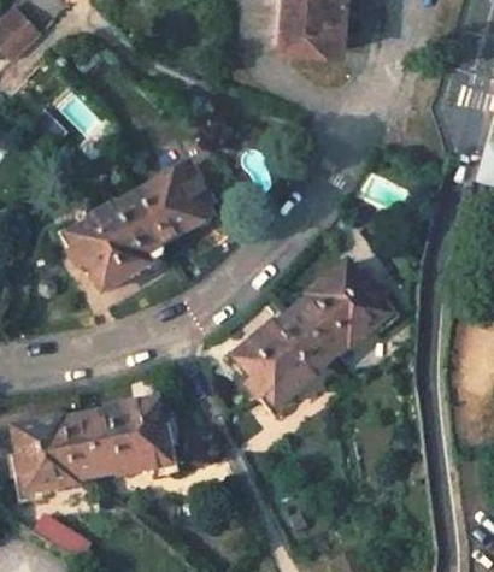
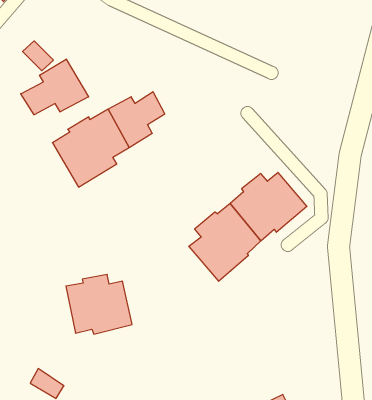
building: none -> [21,59,89,115]
building: [16,415,98,494] -> none

